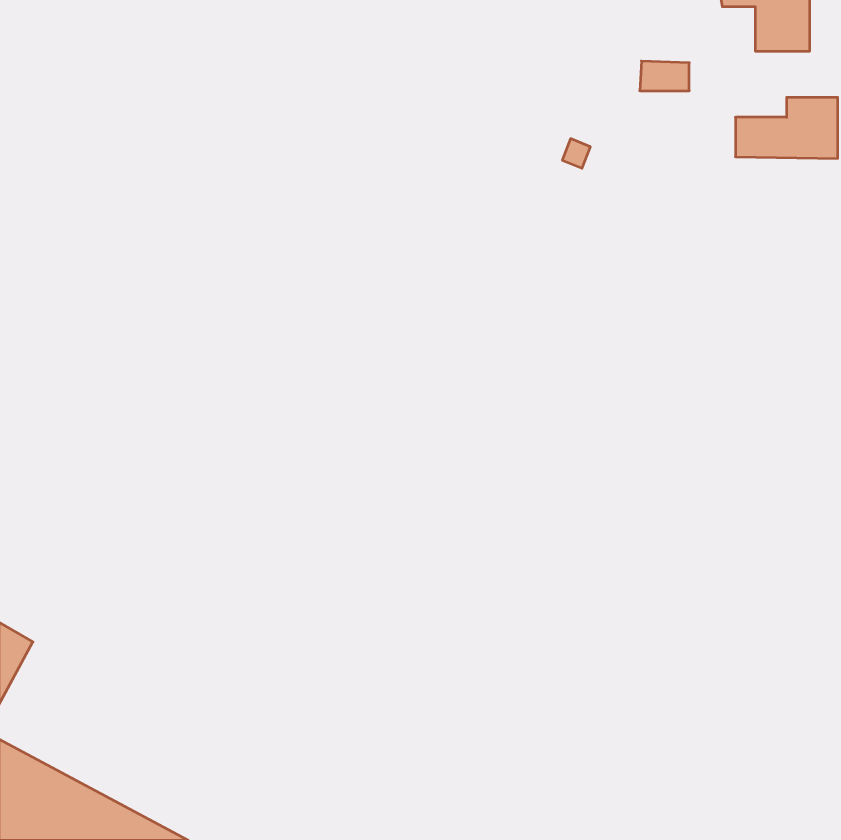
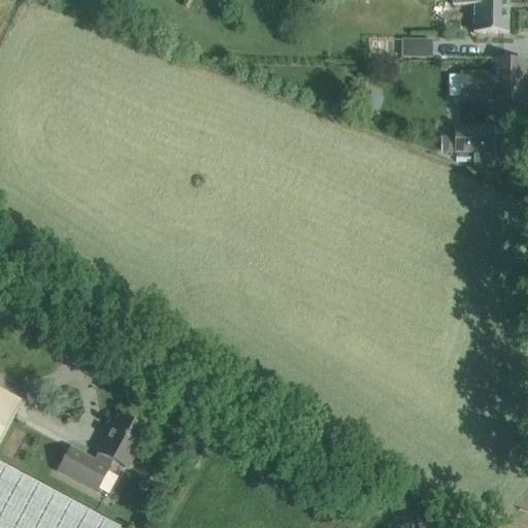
building: none -> [453,125,494,166]
building: none -> [57,415,146,491]

